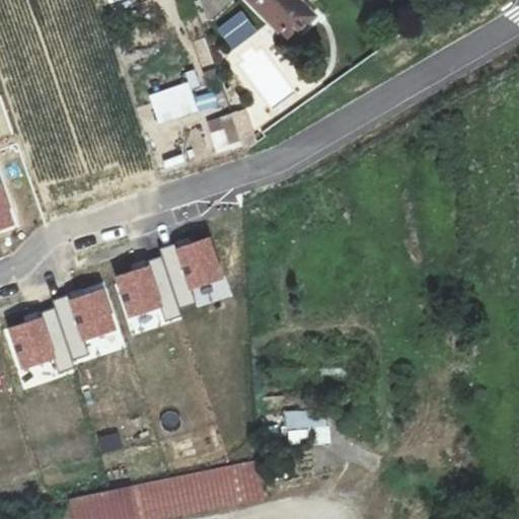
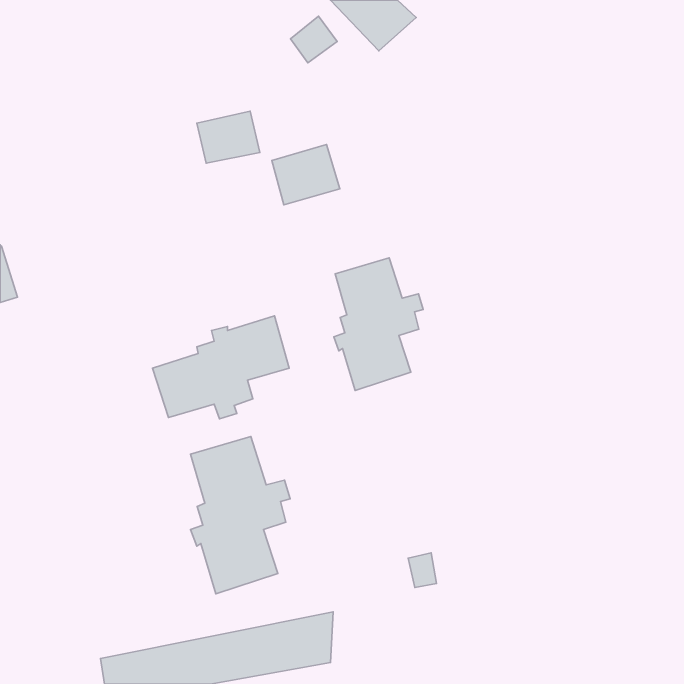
building: none -> [334,258,423,390]
building: [10,290,115,368] -> none
building: none -> [190,437,290,594]

